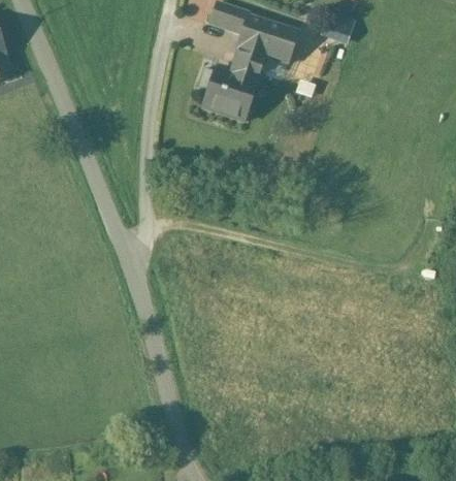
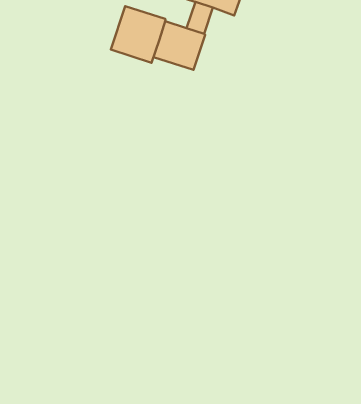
building: none -> [111,6,165,63]

